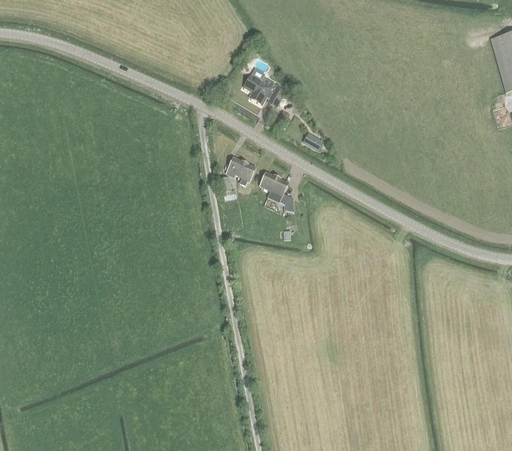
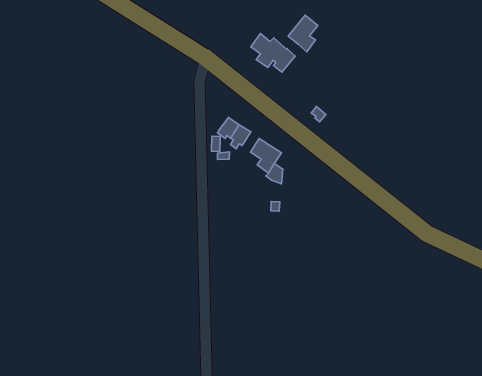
building: none -> [288,15,318,52]

